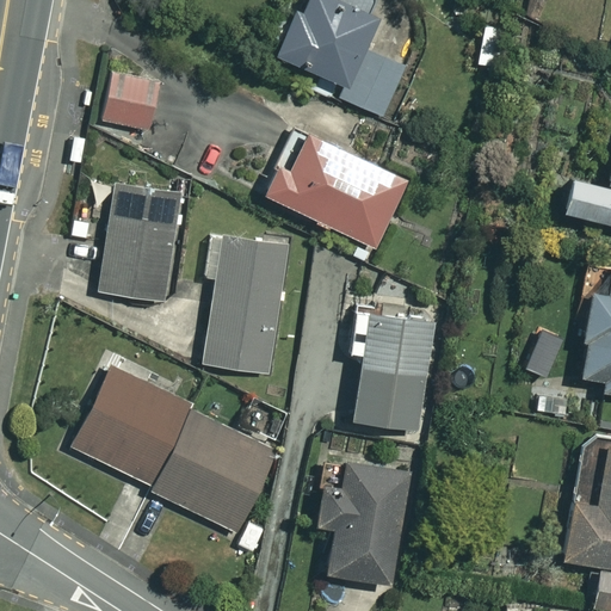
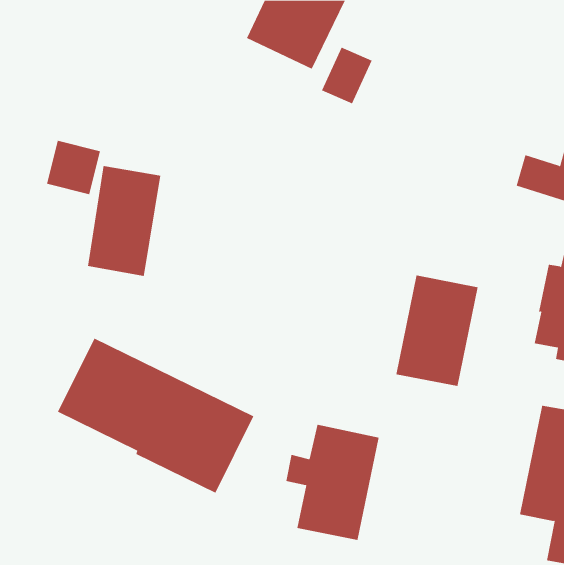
building: [104,74,162,132] -> [46,140,101,195]
building: [266,132,411,249] -> none
building: [206,239,288,375] -> none
building: [350,310,438,430] -> [396,275,478,387]

